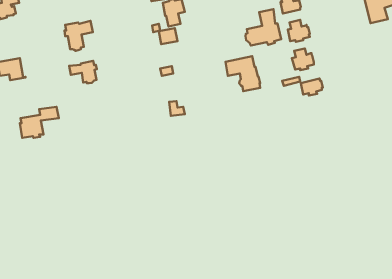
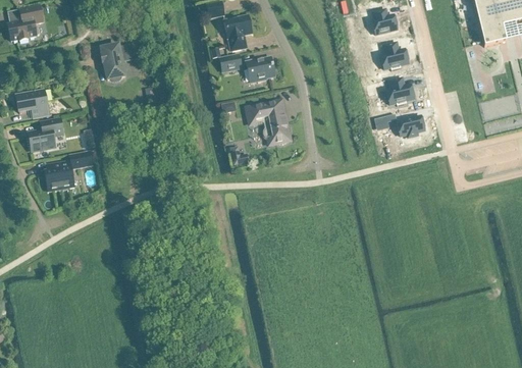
building: [246,9,281,46] -> none
building: none -> [245,57,274,82]
building: [225,56,260,91] -> [246,100,290,144]
building: [69,61,97,83] -> none
building: none -> [28,118,62,151]

